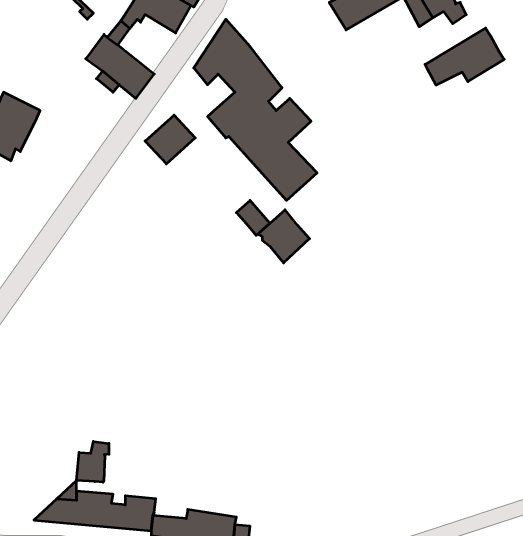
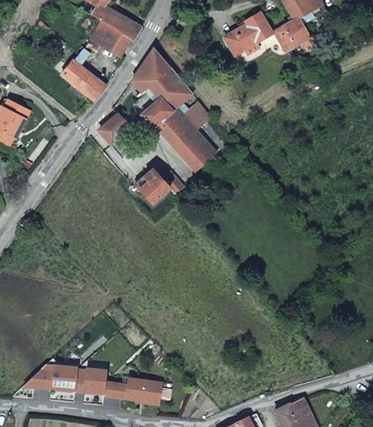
building: [425,28,504,85] -> none
building: [258,210,310,263] -> [135,167,170,203]
building: [77,441,109,482] -> none

